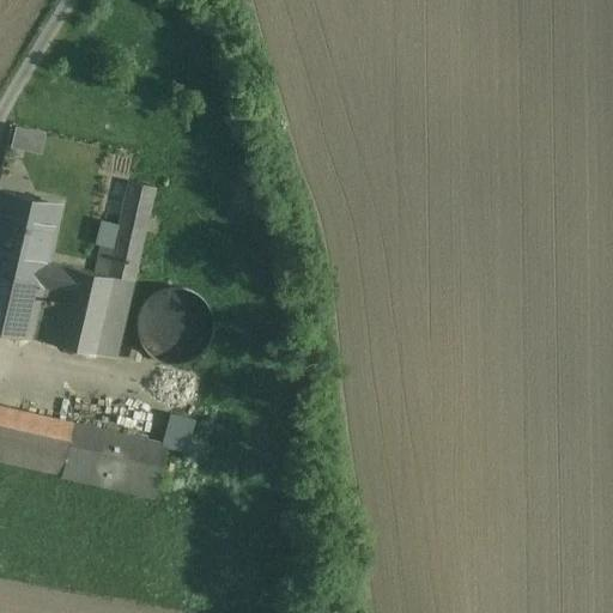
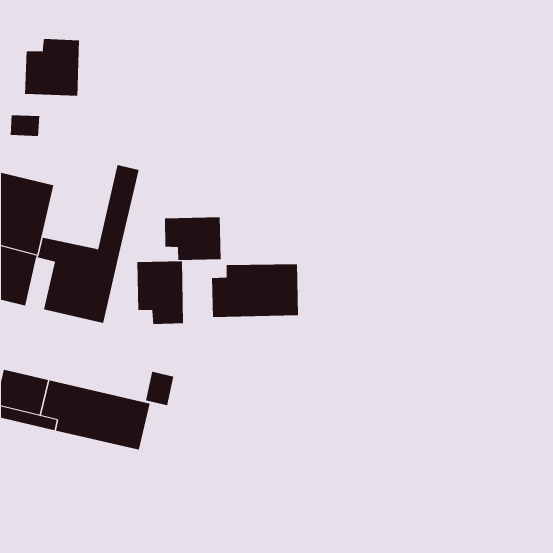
building: none -> [24,38,80,96]
building: none -> [165,216,221,261]
building: none -> [211,263,299,318]

